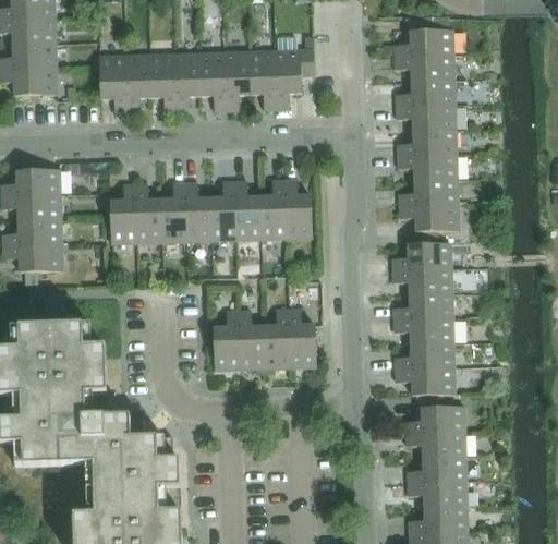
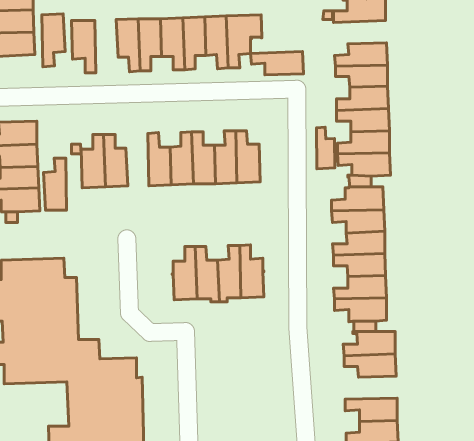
building: [125,55,151,114] -> [42,14,65,67]
building: [395,56,454,82] -> [250,52,304,75]
building: none -> [317,127,335,169]
building: [160,183,186,242] -> [43,158,67,210]
building: [408,457,466,483] -> none

